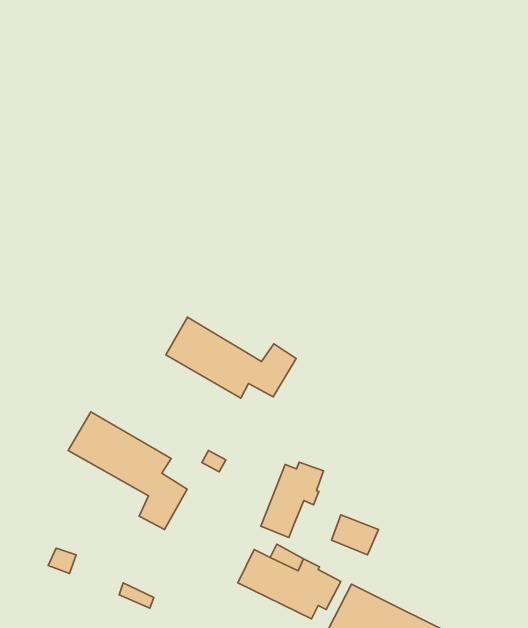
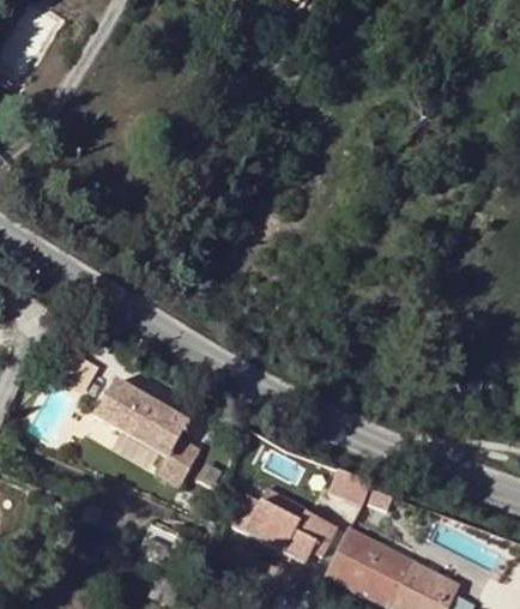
building: [166,317,296,398] -> none
building: [261,462,324,538] -> none

